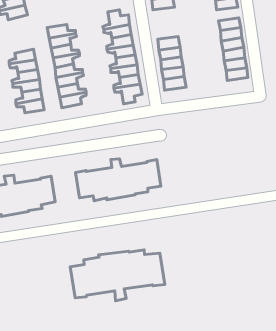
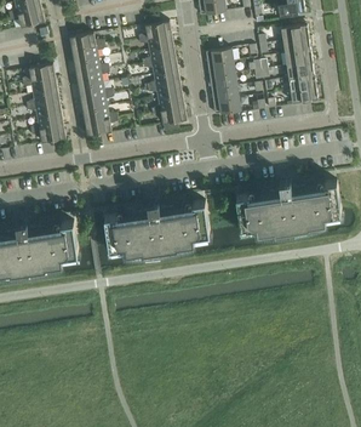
building: none -> [236,181,342,233]
building: [70,250,165,301] -> none

